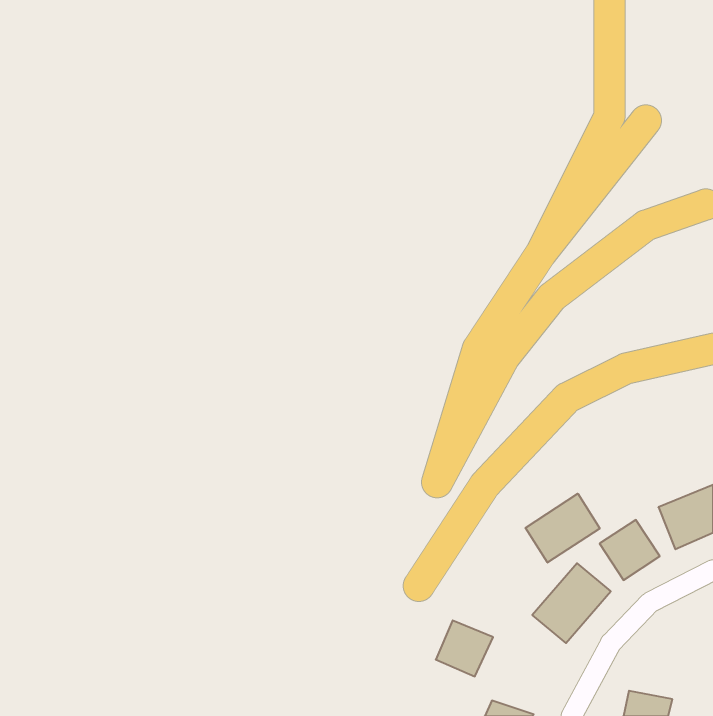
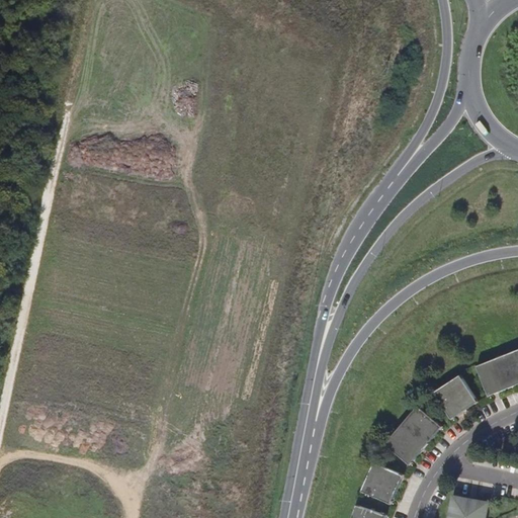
building: [526,494,600,563] -> none
building: [436,620,493,676] -> [360,463,402,504]

